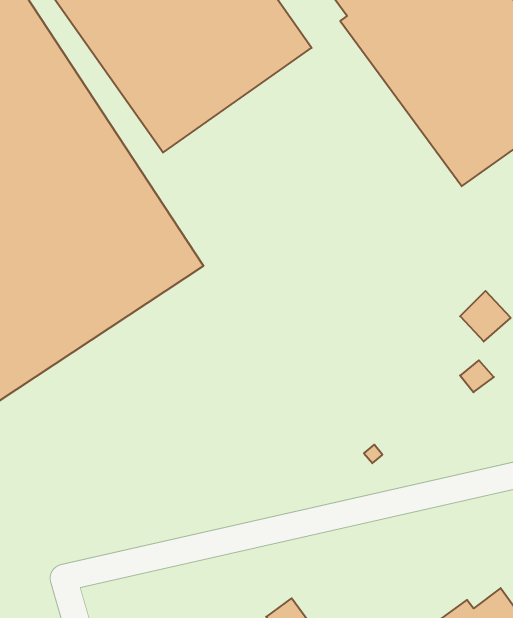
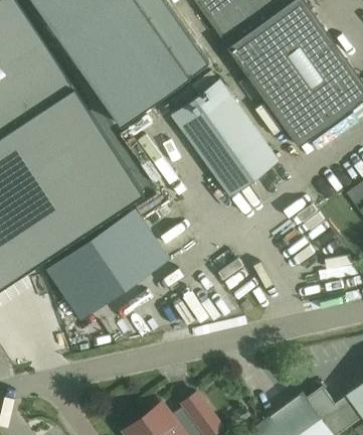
building: none -> [171,78,280,196]
building: none -> [43,207,166,317]

